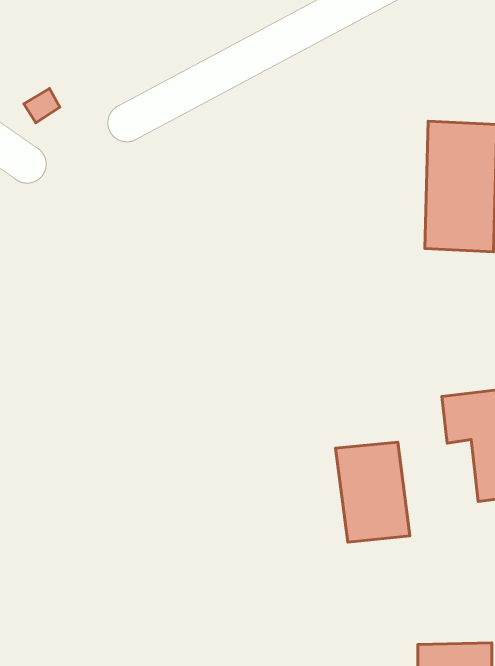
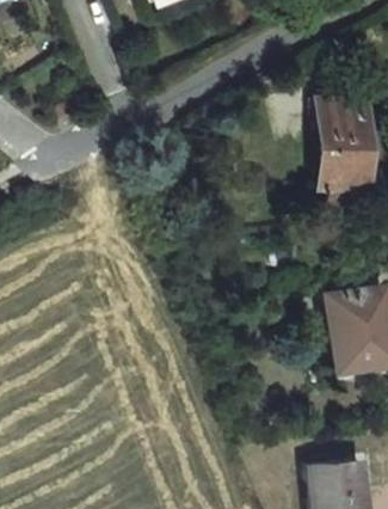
building: [336,442,410,542] -> none

